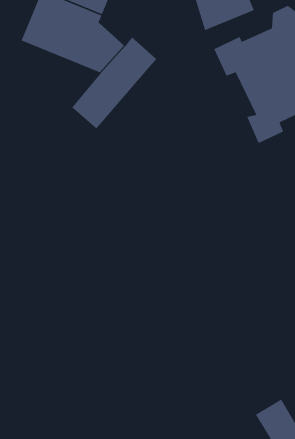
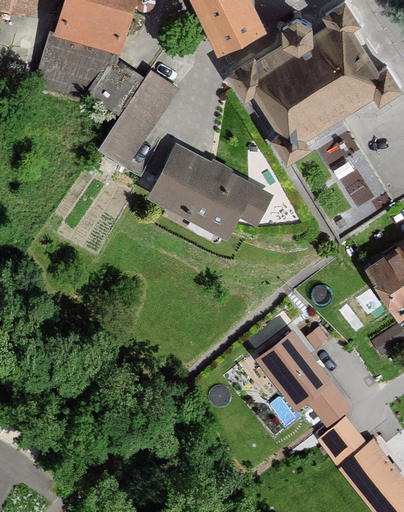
building: none -> [143,143,268,239]
building: none -> [264,335,351,424]

